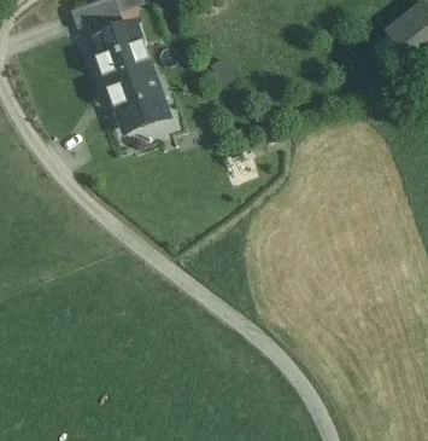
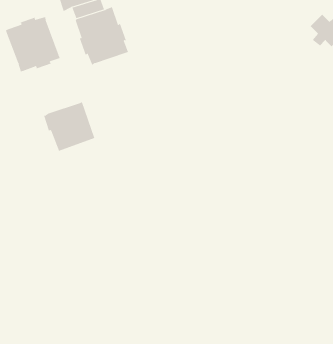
building: none -> [6,16,60,72]
building: [110,77,170,135] -> [43,102,95,152]

